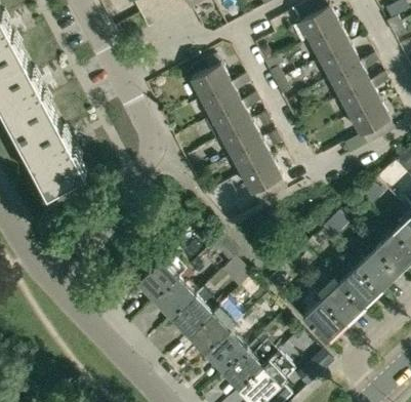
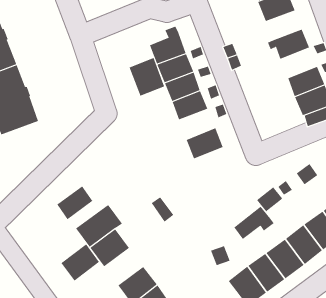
building: [303,27,348,61] -> none
building: [329,64,369,98] -> none
building: none -> [129,57,165,97]
building: [231,140,271,175] -> none
building: none -> [233,206,274,240]
building: none -> [57,185,93,220]
building: [171,295,212,336] -> [61,244,100,281]

